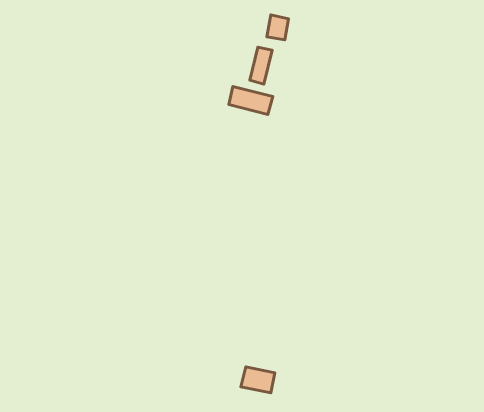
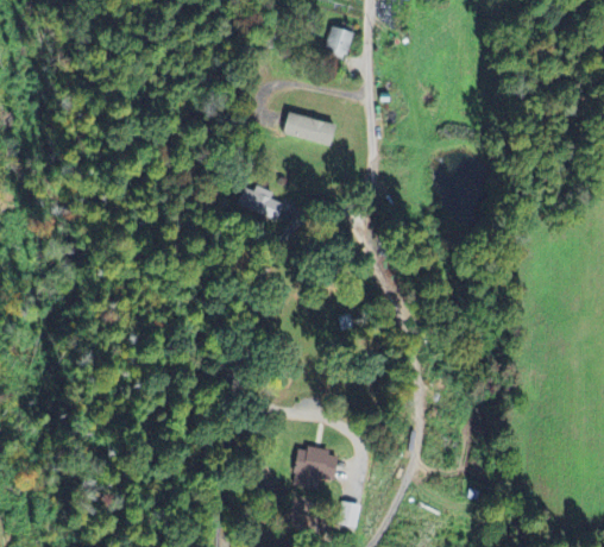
building: [250,47,272,84] -> none
building: none -> [243,182,284,221]

